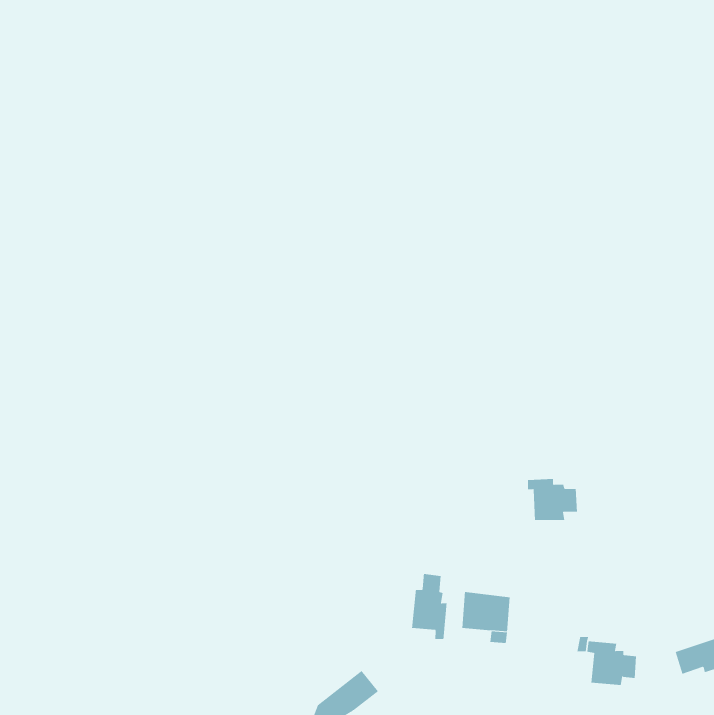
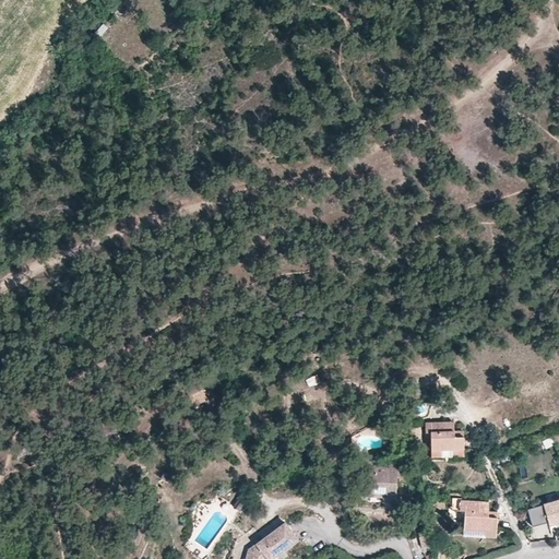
building: [527,479,578,521] -> [424,424,463,456]
building: [412,573,447,640] -> none

